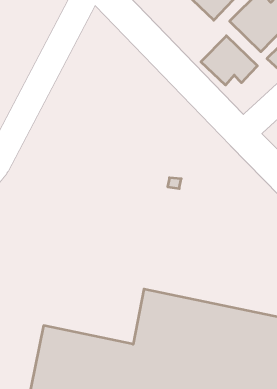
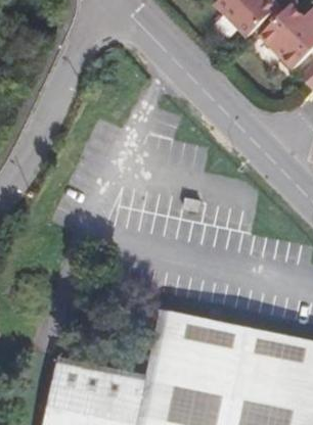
building: [201,36,257,85] -> none

